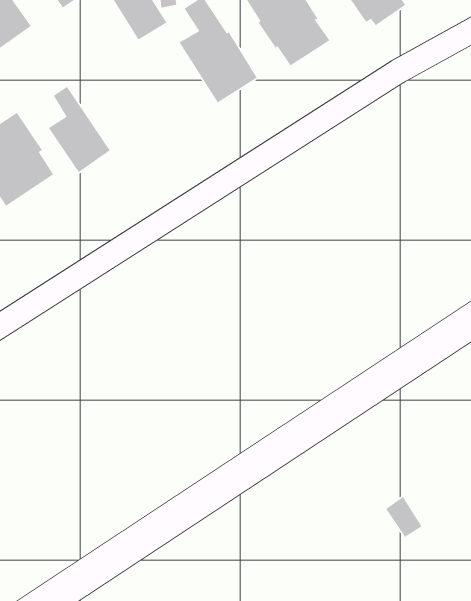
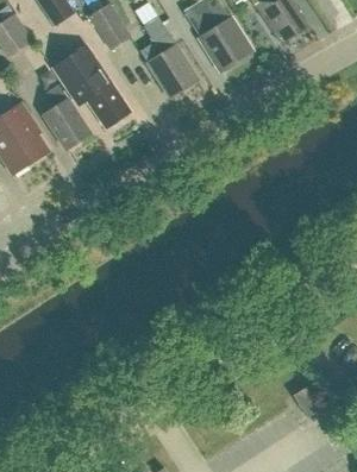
building: none -> [54,45,131,127]

